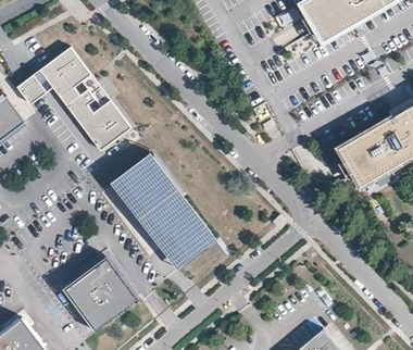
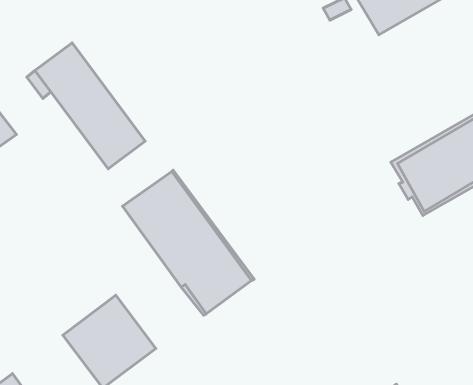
building: [16,77,46,107] -> none

